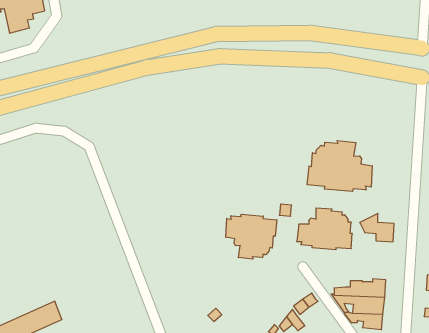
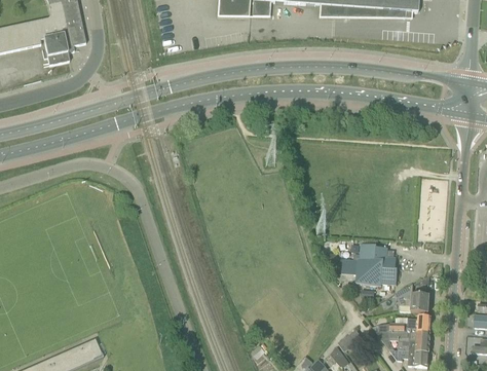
building: [307,141,372,191] -> none
building: [360,213,394,242] -> [395,283,429,311]
building: [226,214,277,259] -> none

